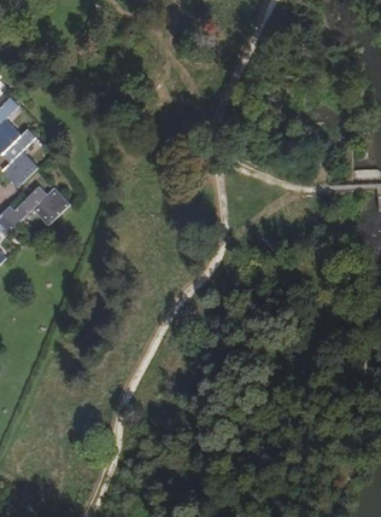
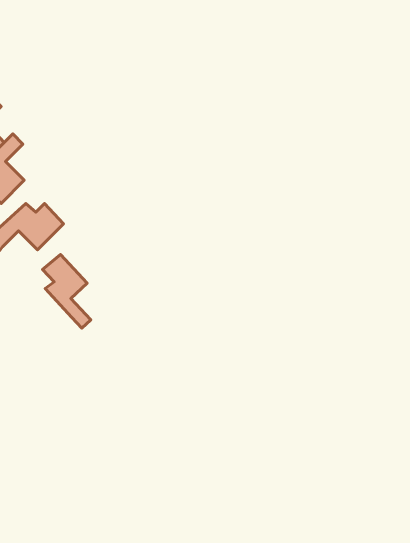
building: none -> [43,254,91,328]

